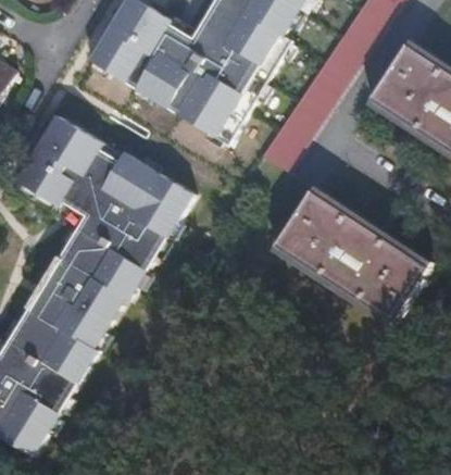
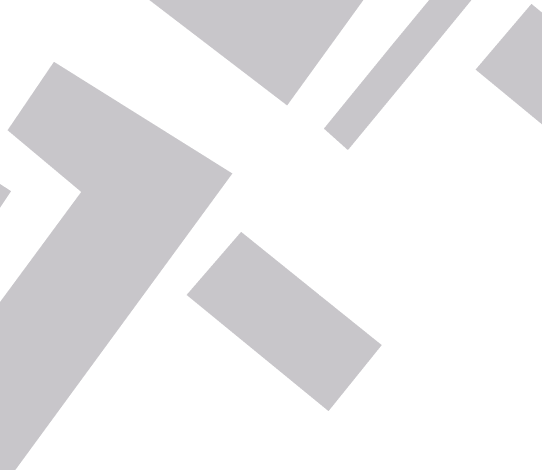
building: [272,189,424,320] -> [185,231,383,412]

